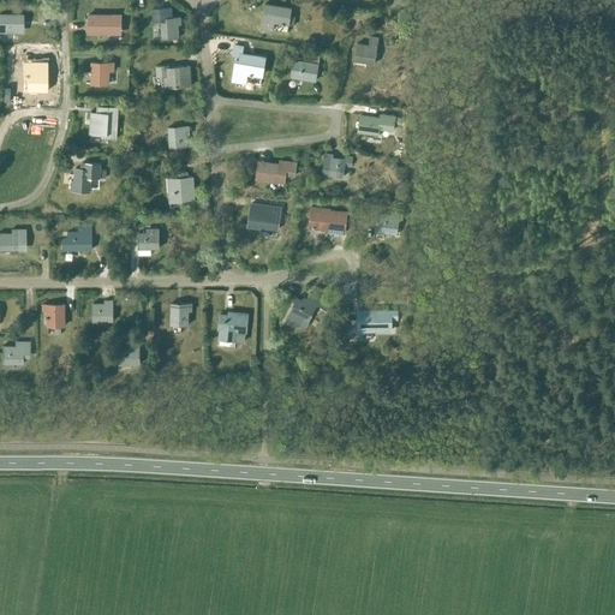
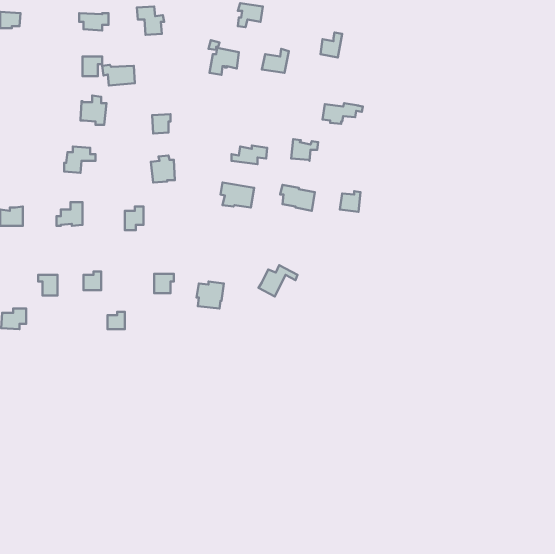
building: [23,59,48,95] -> none
building: [155,66,191,89] -> [102,65,135,85]
building: [358,311,396,332] -> none

